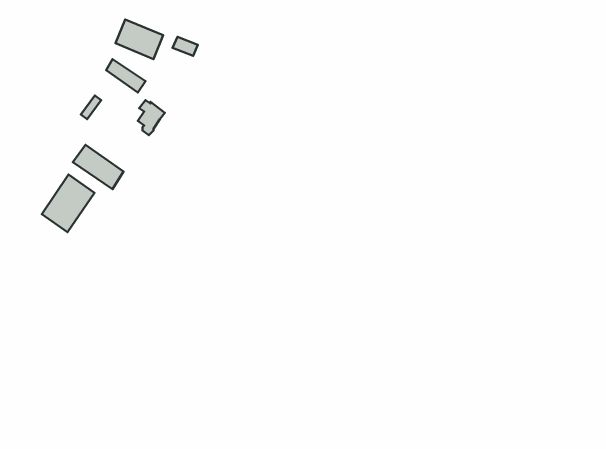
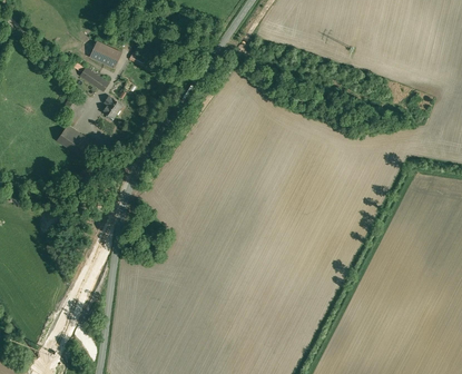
building: [42,175,94,232] -> none

